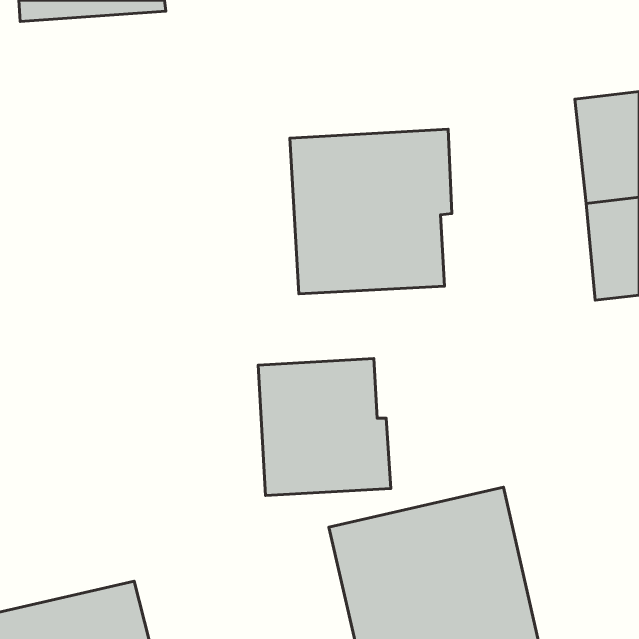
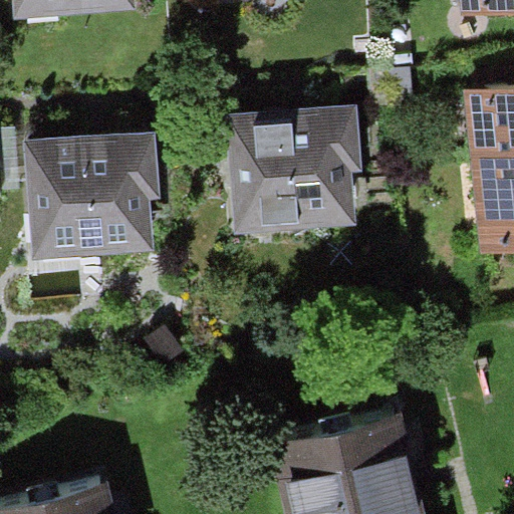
building: none -> [25,136,160,259]
building: [258,358,391,496] -> none

